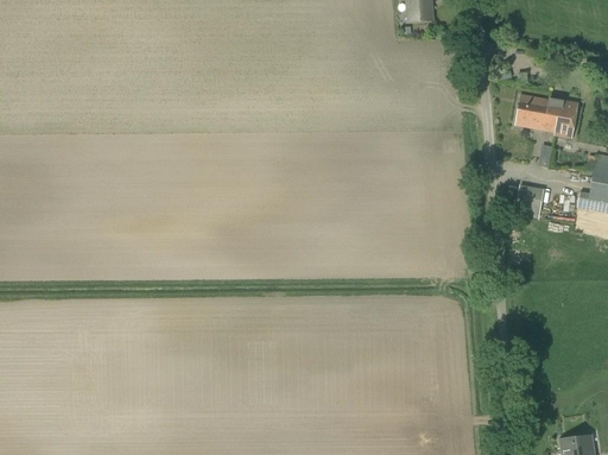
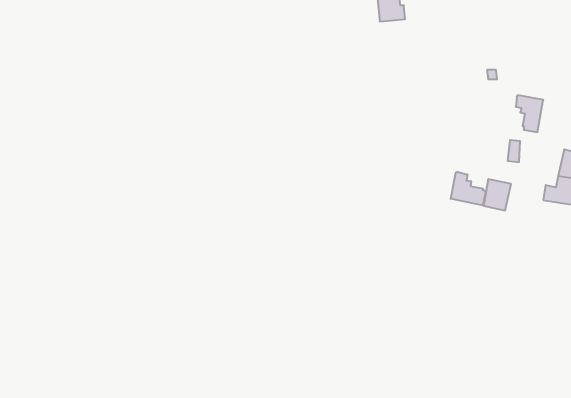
building: [515,95,558,131] -> none
building: none -> [451,172,486,205]

